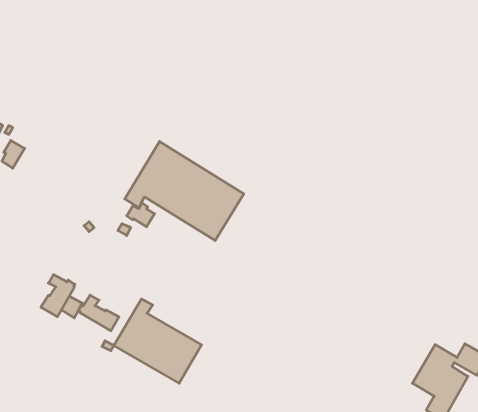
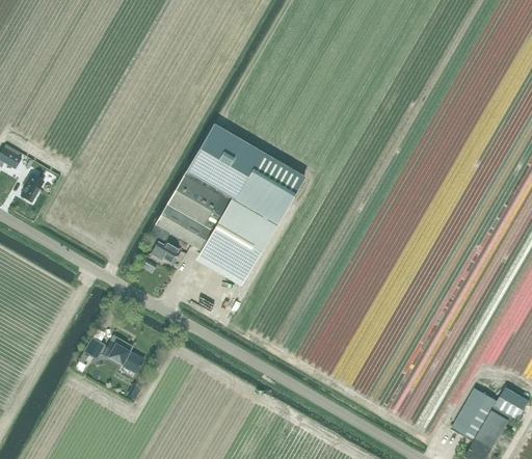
building: none -> [184,126,303,230]
building: [41,275,75,317] -> none
building: [114,299,202,383] -> none

